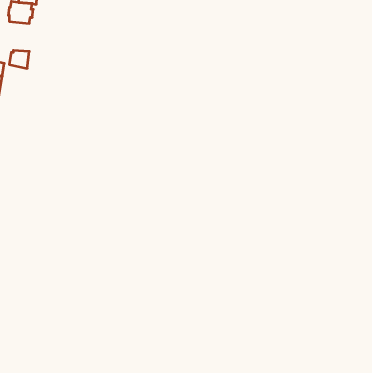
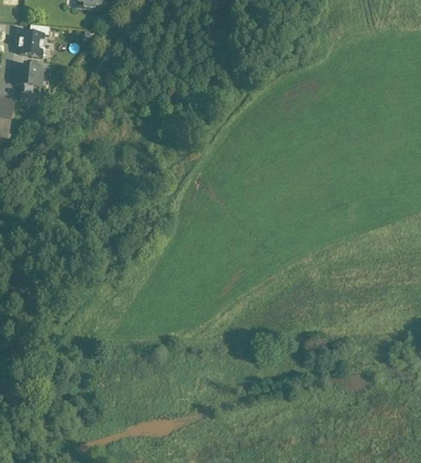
building: none -> [14,64,41,84]

